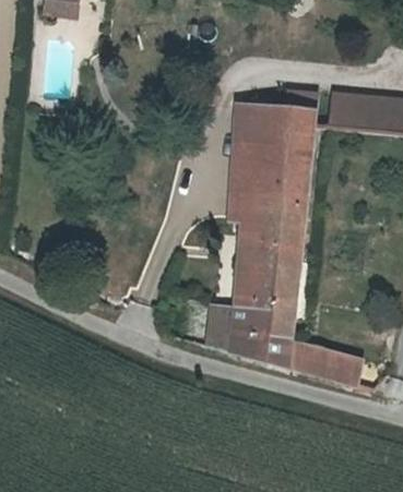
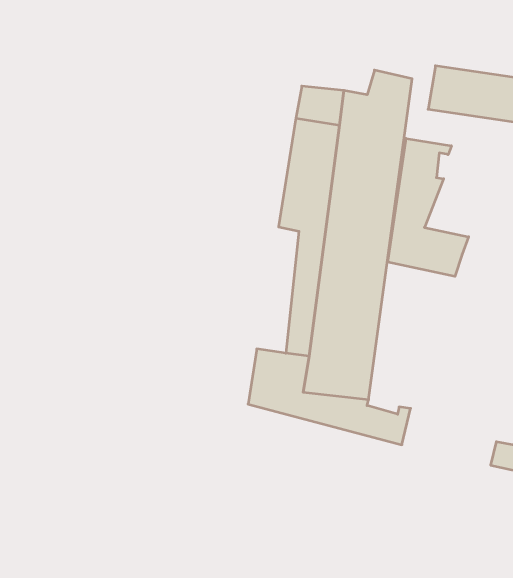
building: none -> [388,138,469,276]
building: [315,347,361,384] -> none

